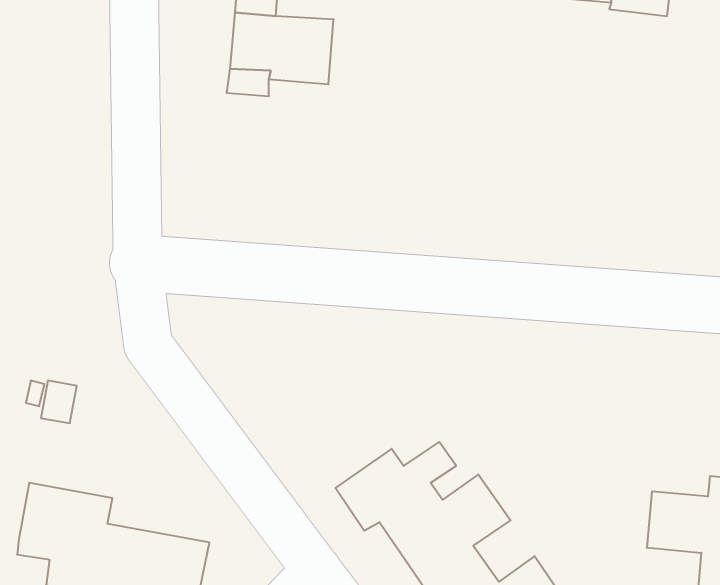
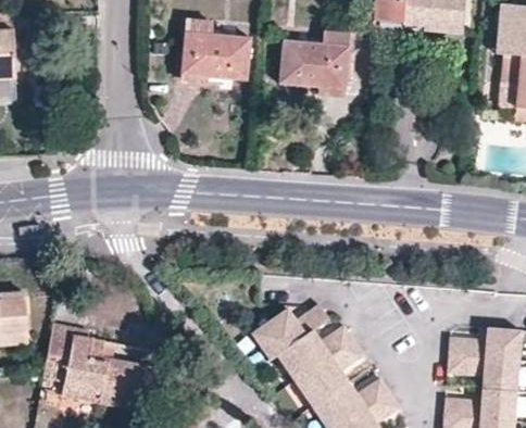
building: none -> [281,40,348,86]

